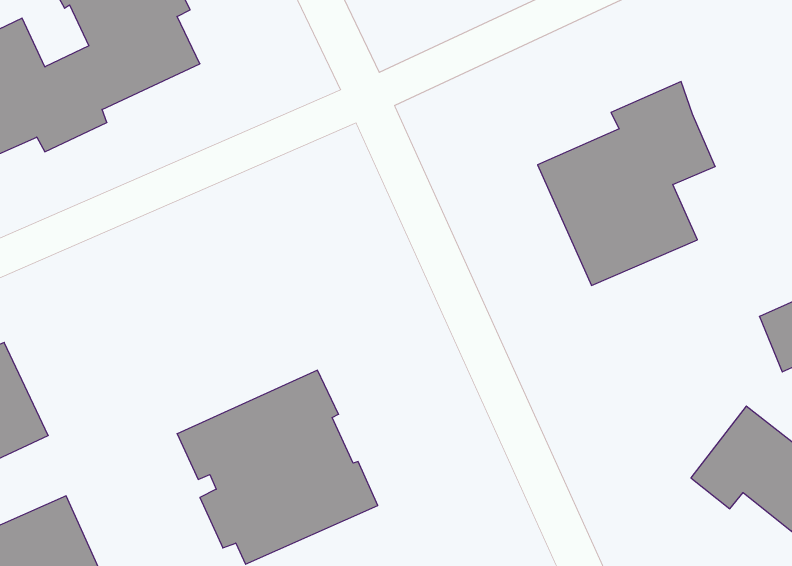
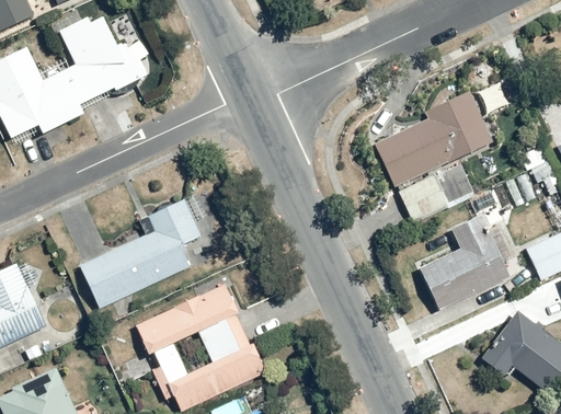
building: none -> [77,199,202,309]
building: none -> [419,214,504,308]

